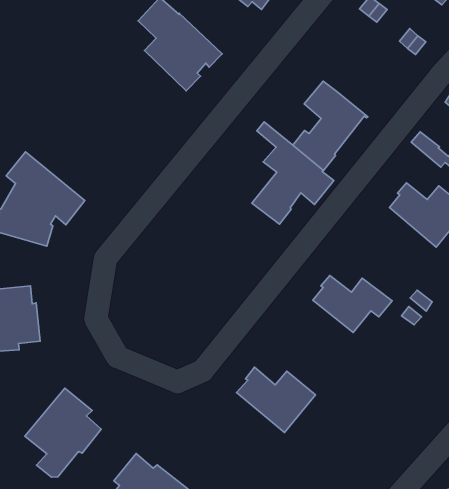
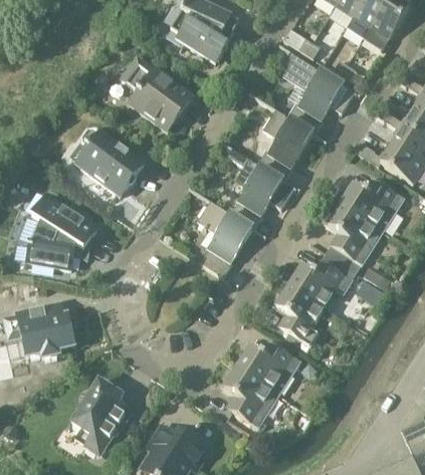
building: none -> [280,51,357,134]
building: none -> [80,128,144,195]
building: none -> [196,201,254,277]
building: none -> [325,204,382,264]
building: none -> [273,285,324,345]
building: none -> [221,367,278,427]

